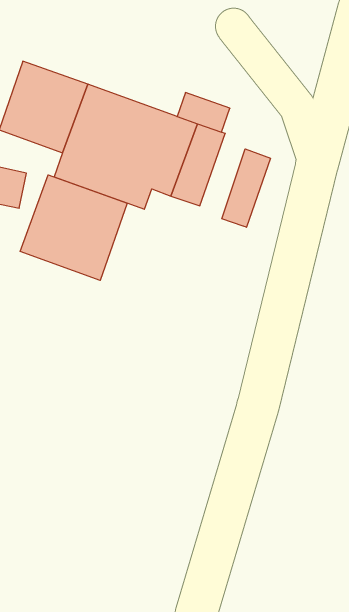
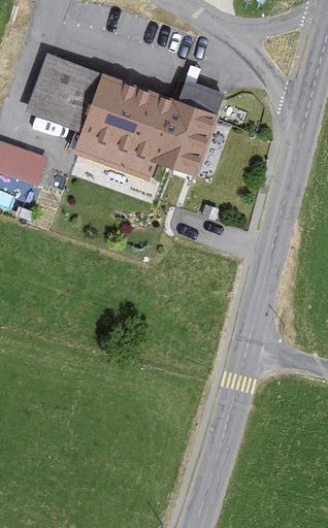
building: [222,149,271,227] -> none
building: [20,175,127,280] -> none

